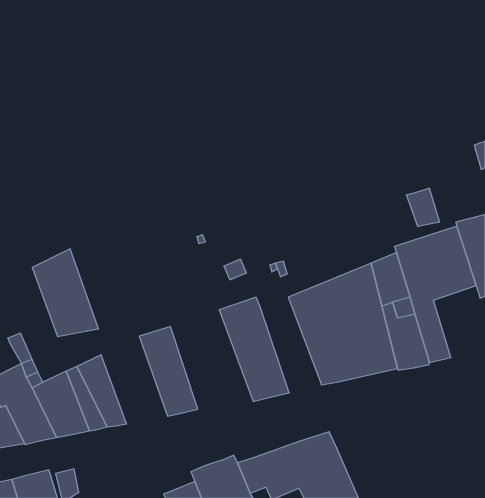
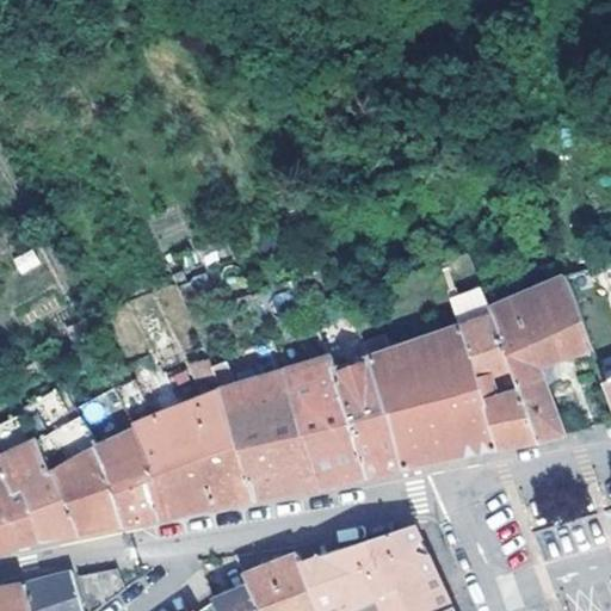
building: [406,188,439,227] -> none
building: [32,249,99,337] -> [124,412,205,519]
building: none -> [319,364,394,481]
building: none -> [198,369,310,505]

